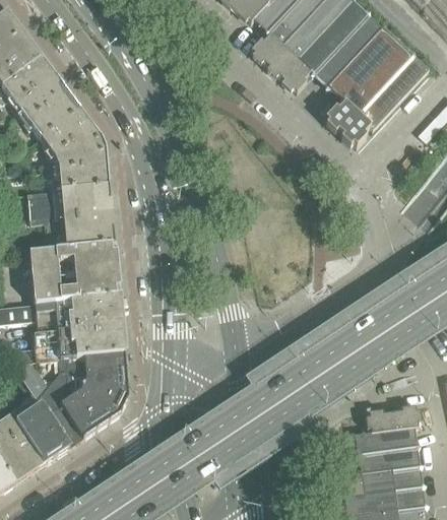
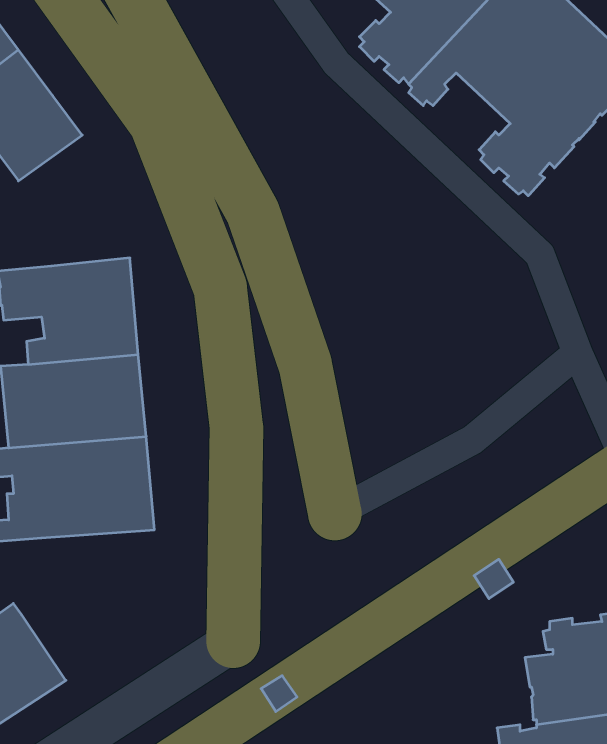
building: [42,109,111,190] -> none
building: [39,353,130,447] -> none

